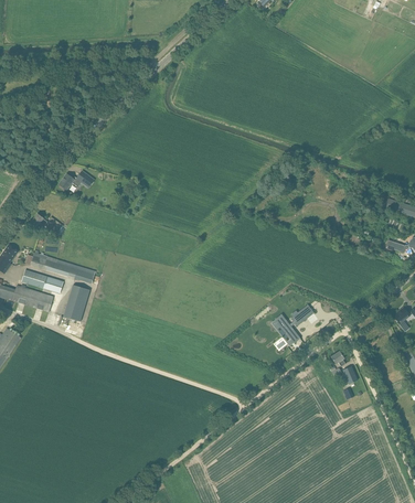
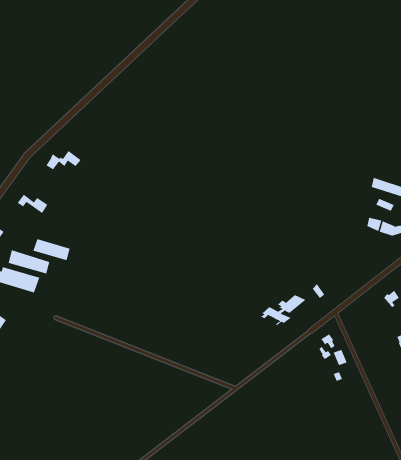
building: [65,282,91,319] -> none

